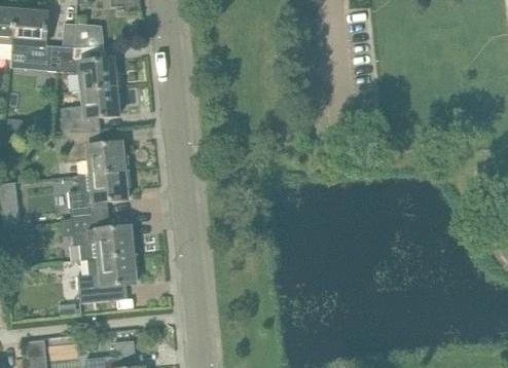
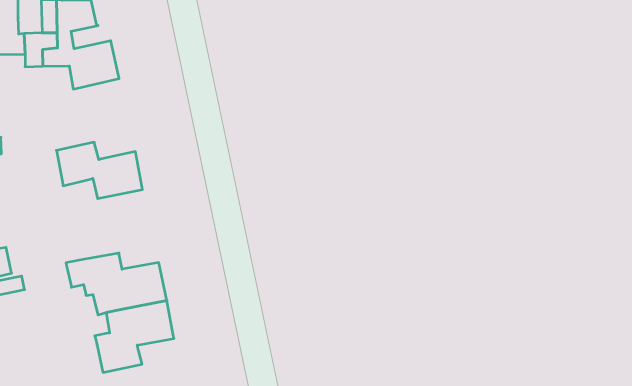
building: [61,86,119,135] -> none
building: [69,171,128,218] -> none

